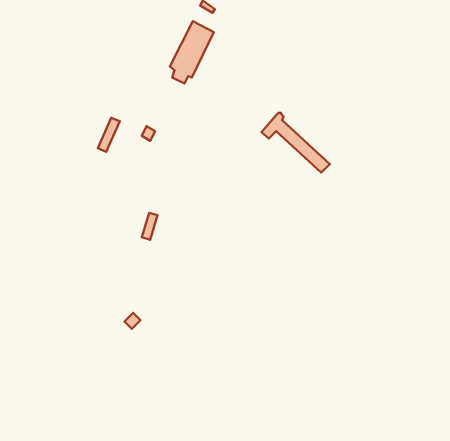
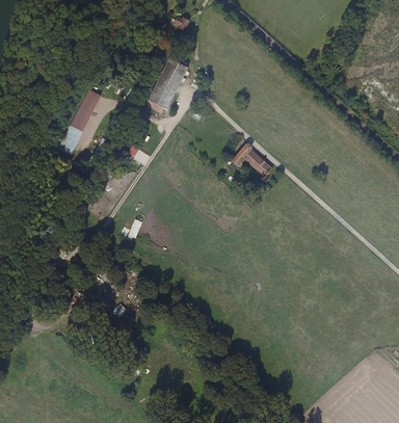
building: none -> [58,89,98,156]

